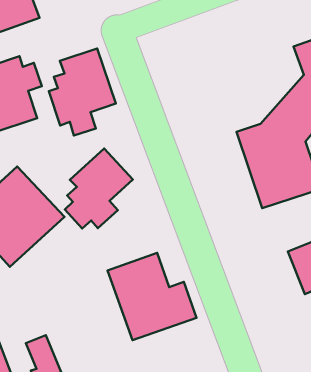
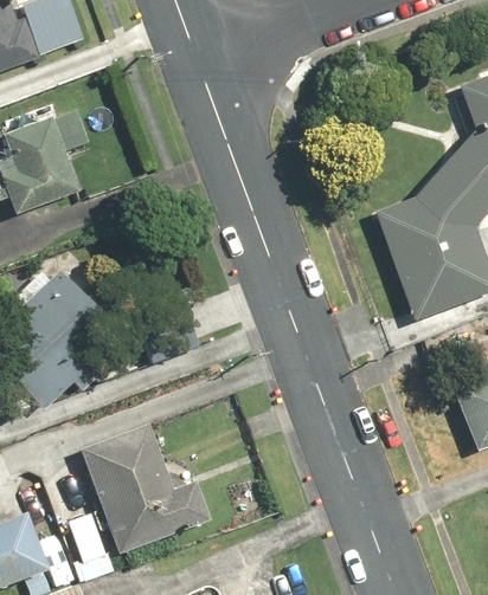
building: [49,48,116,135] -> none
building: [65,149,133,229] -> none
building: [107,253,197,340] -> [81,426,212,555]

